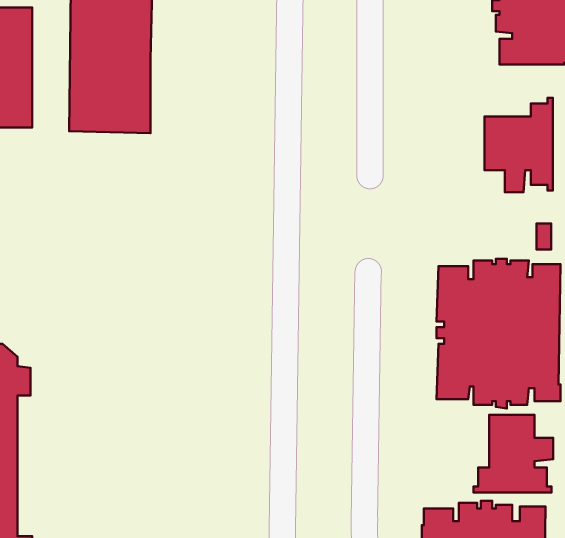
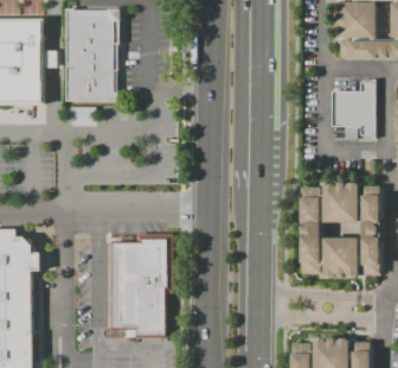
building: none -> [114,235,176,341]
building: [474,415,553,493] -> none

